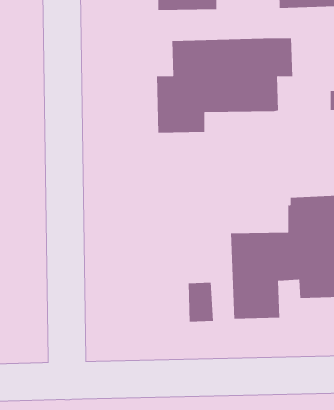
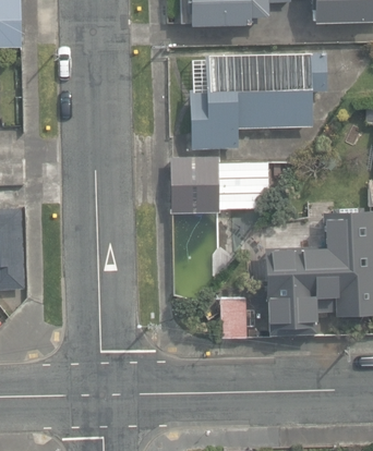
building: none -> [172,156,269,211]

